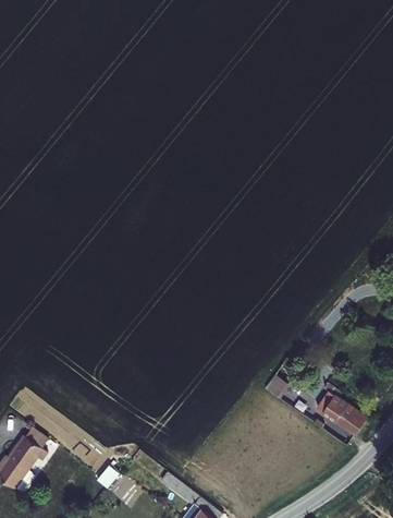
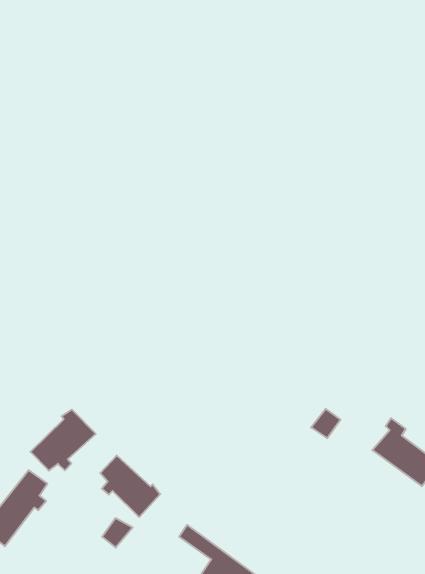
building: none -> [30,410,96,471]
building: none -> [100,455,160,517]

